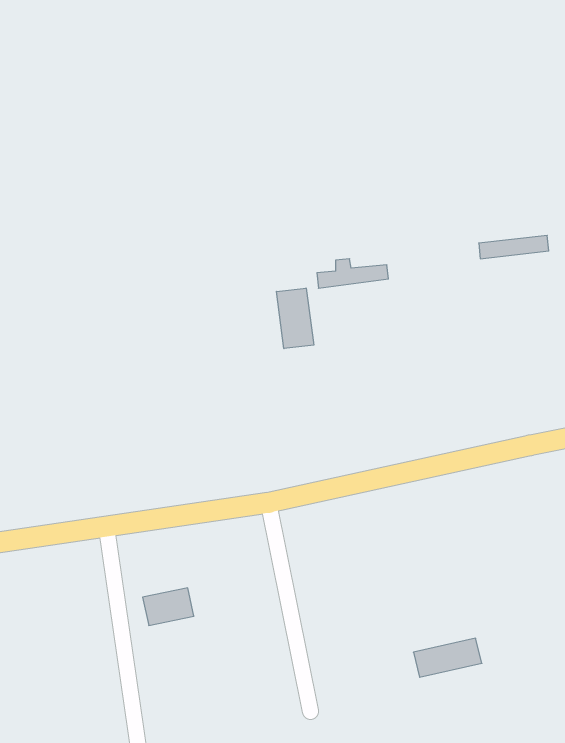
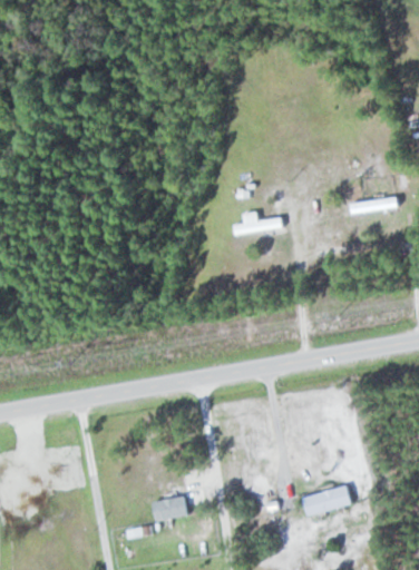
building: [276,288,314,349] -> none
building: [143,588,194,625] -> [152,494,188,521]

